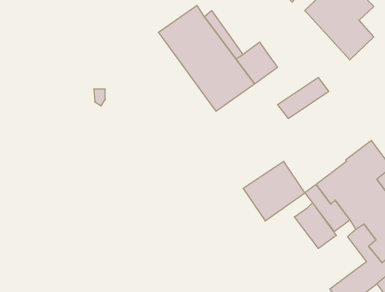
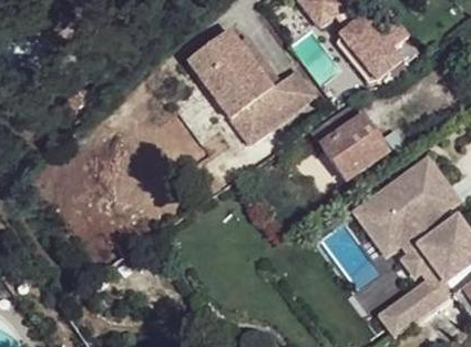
building: [243,161,305,221] -> [324,116,389,180]
building: [294,203,336,248] -> none

